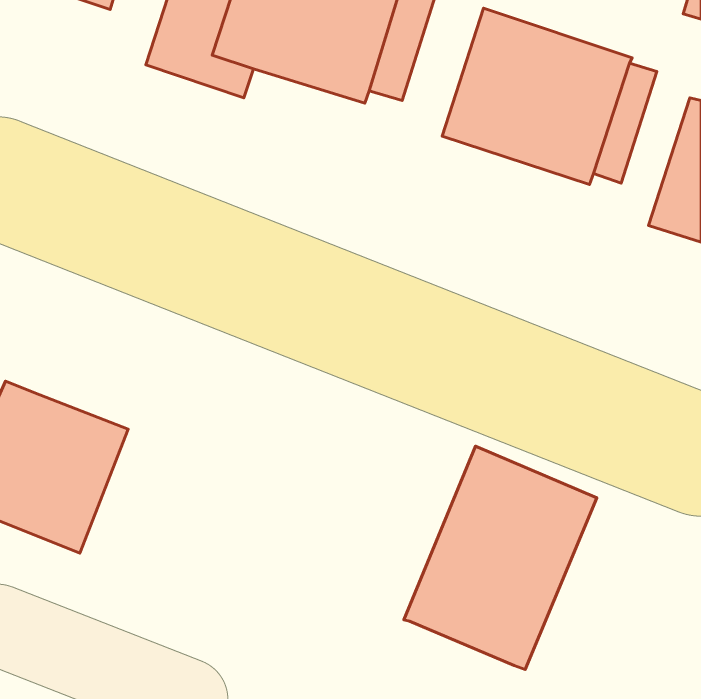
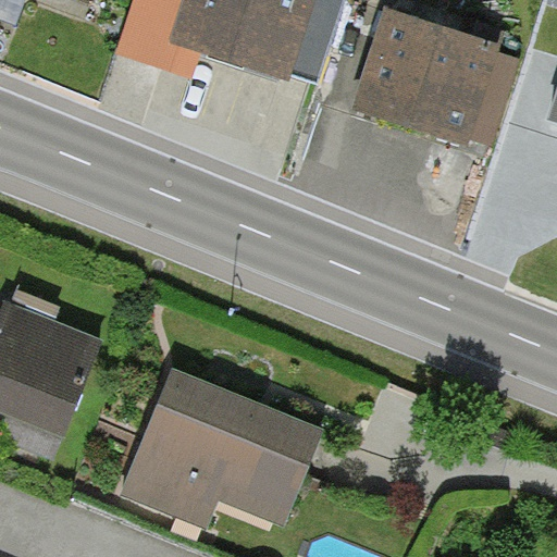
building: [404,446,597,669] -> none
building: none -> [121,368,323,528]

